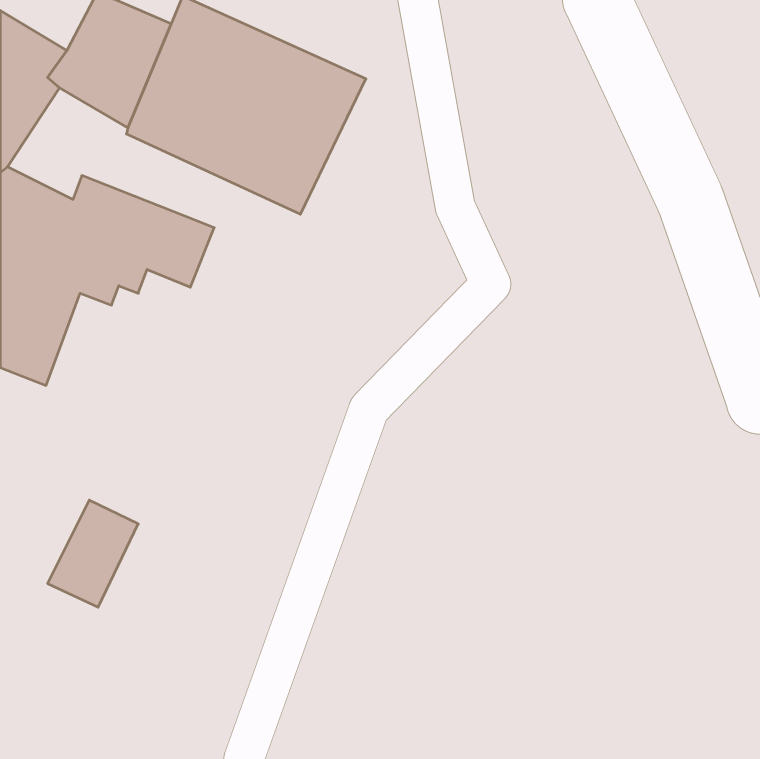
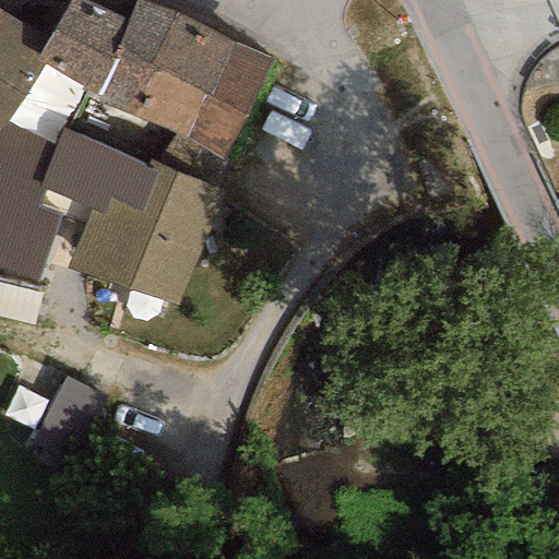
building: none -> [67,159,222,307]

